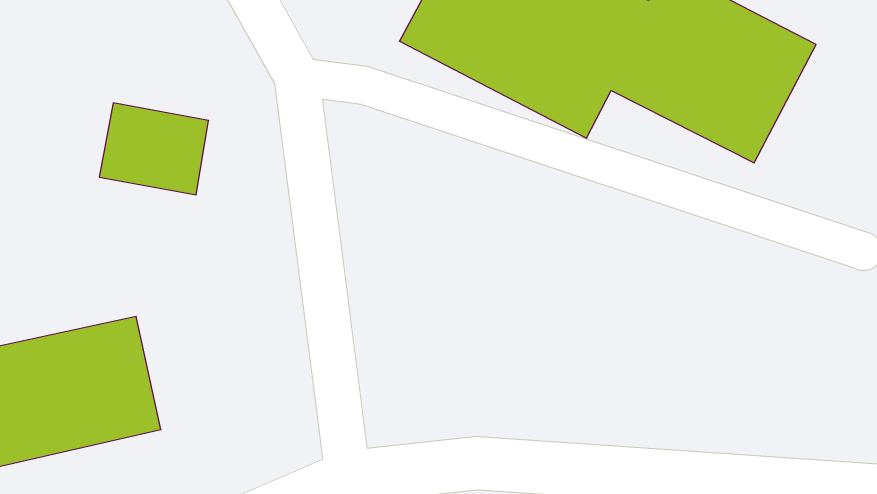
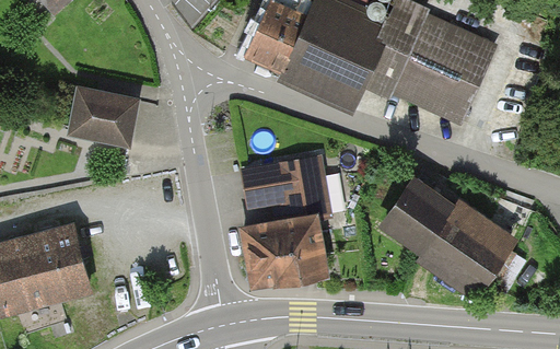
building: none -> [242,155,328,284]
building: none -> [372,181,515,303]

